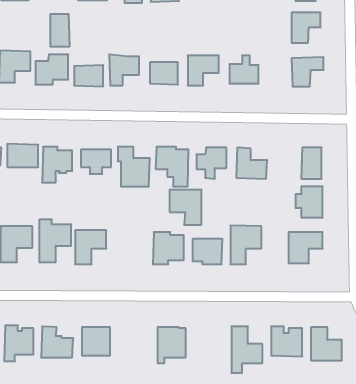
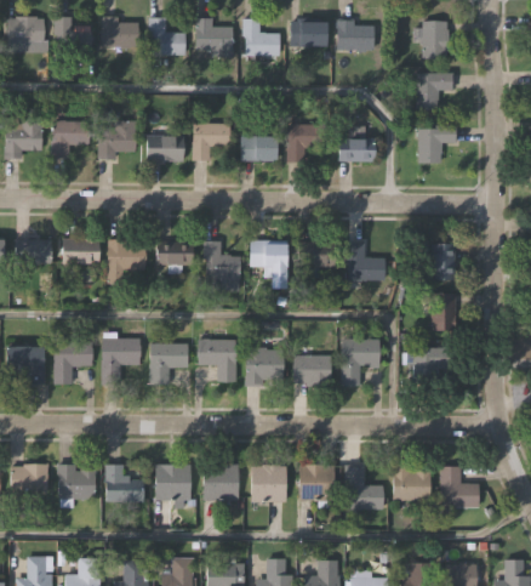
building: [50,14,69,47] -> none
building: [170,190,202,225] -> [195,338,235,382]
building: none -> [202,463,240,500]
building: none -> [296,463,332,508]

